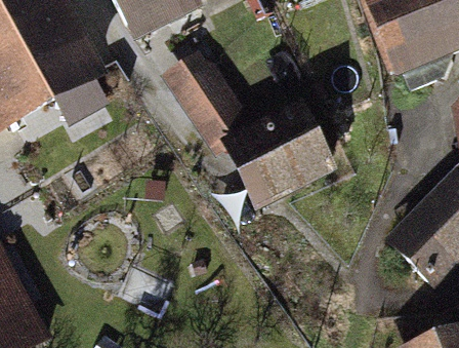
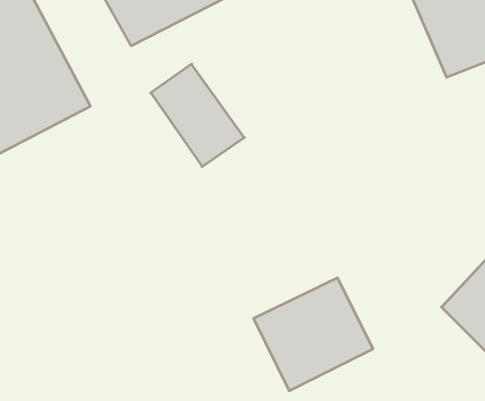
building: [223,104,317,192] -> [254,278,373,391]

